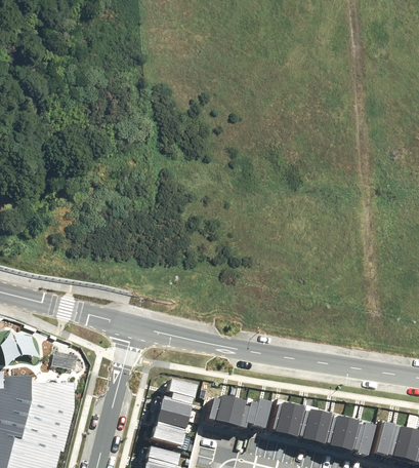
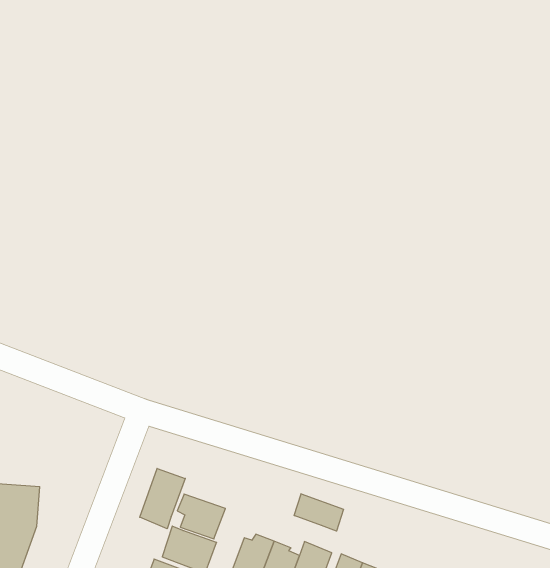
building: none -> [140,468,185,529]
building: none -> [294,494,343,531]

